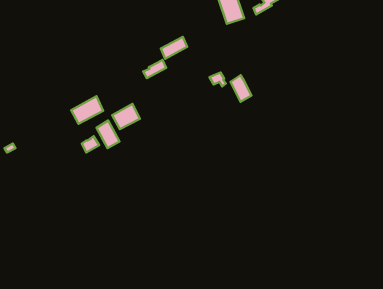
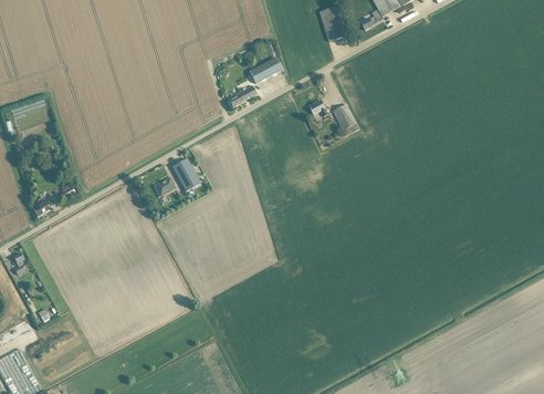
building: [71,96,103,124] -> none
building: [112,104,140,129] -> none

